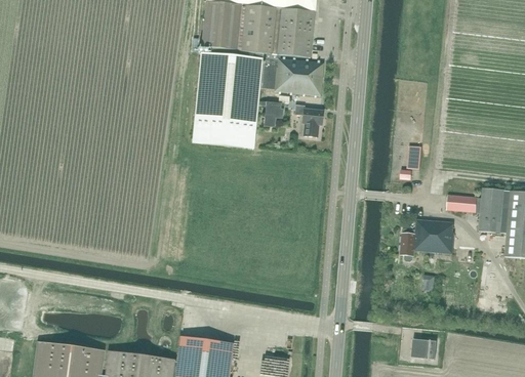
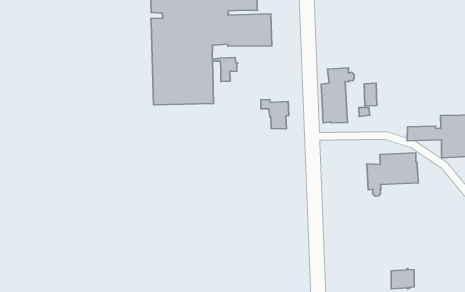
building: [294,103,323,136] -> [261,100,289,129]
building: none -> [321,68,354,123]

